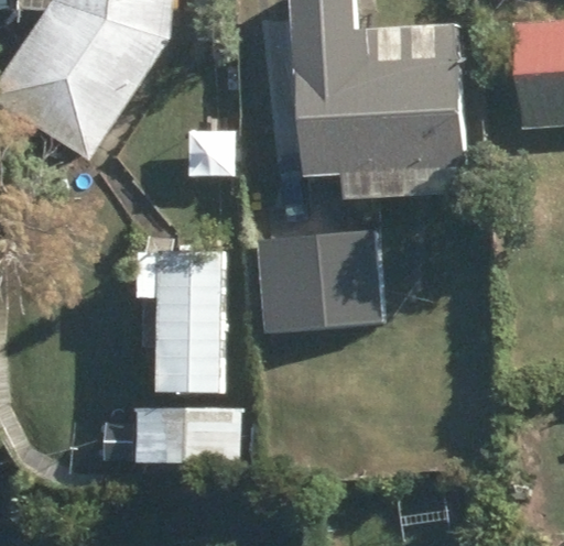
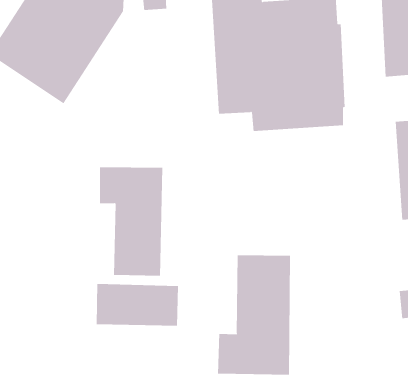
building: [254,229,383,331] -> none
building: none -> [217,254,291,376]

